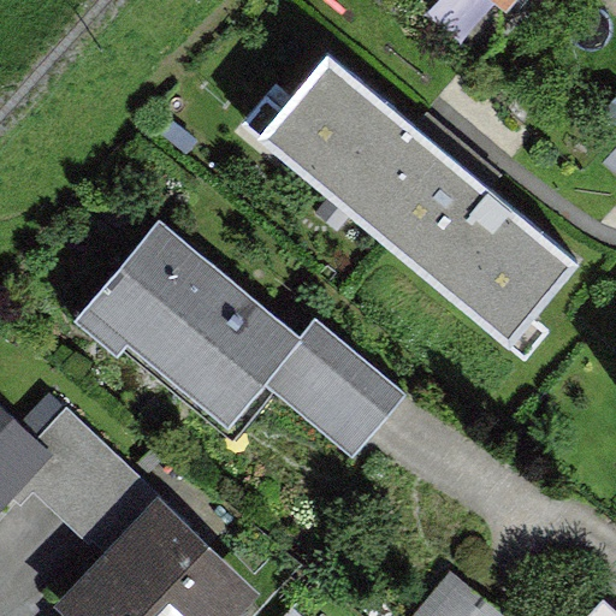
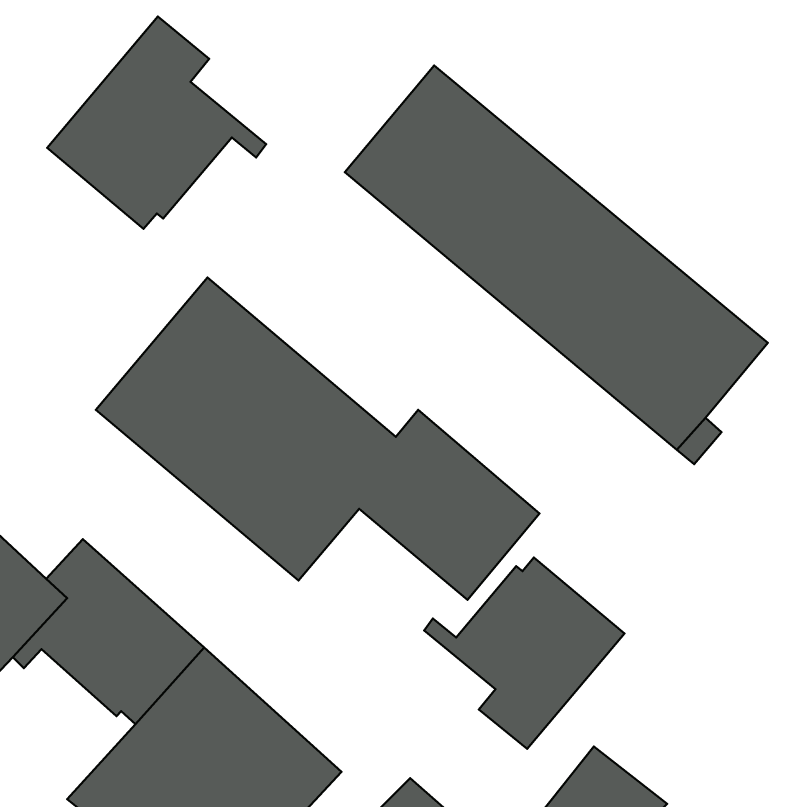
building: none -> [47,17,266,229]
building: none -> [424,557,624,749]

